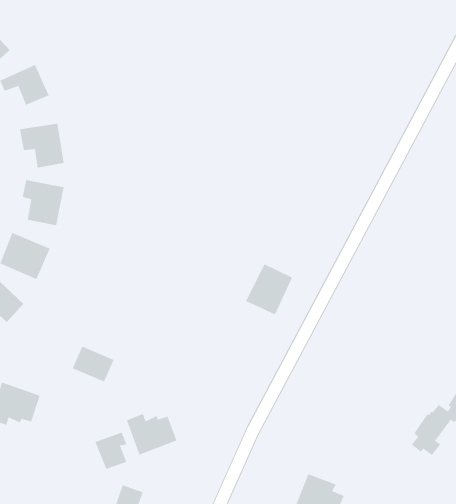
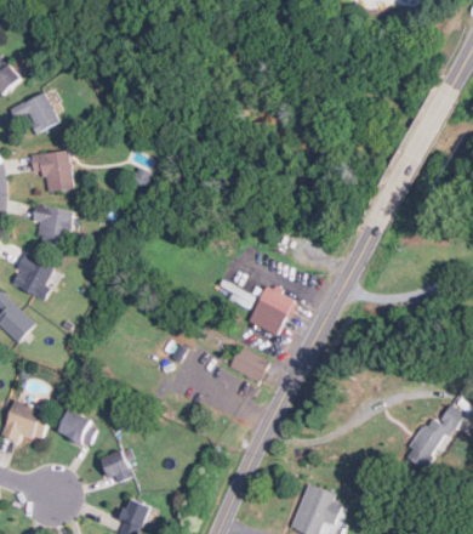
building: none -> [228,345,269,381]
building: [72,346,114,382] -> [57,410,98,445]
building: [126,413,177,456] -> none

